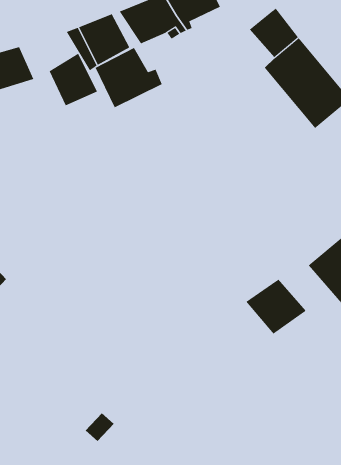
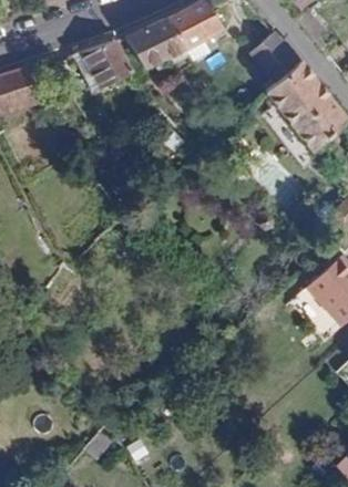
building: [95,47,162,108] -> none
building: [49,53,98,106] -> none
building: [246,279,306,335] -> none

